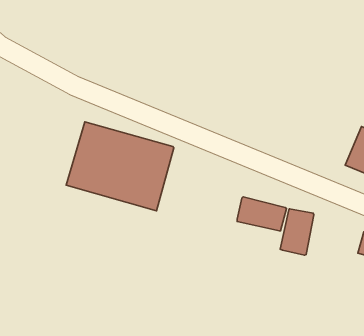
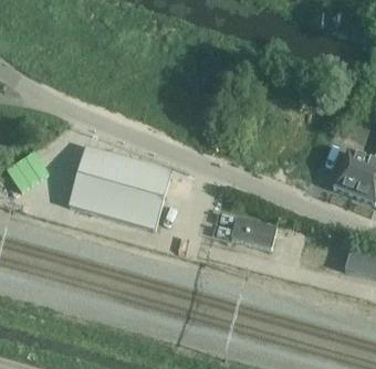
building: [280,209,314,255] -> none

